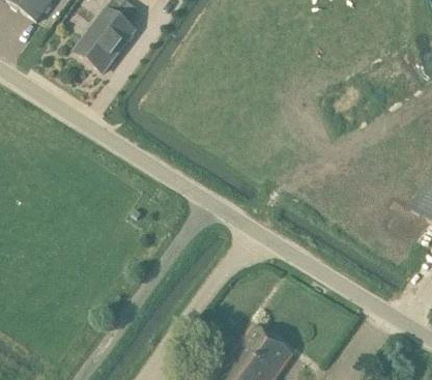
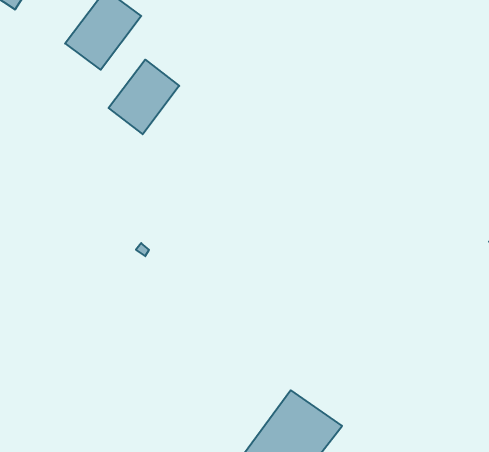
building: none -> [109,60,179,134]

